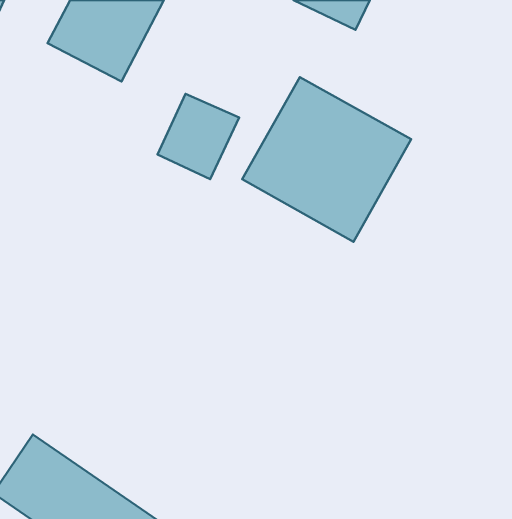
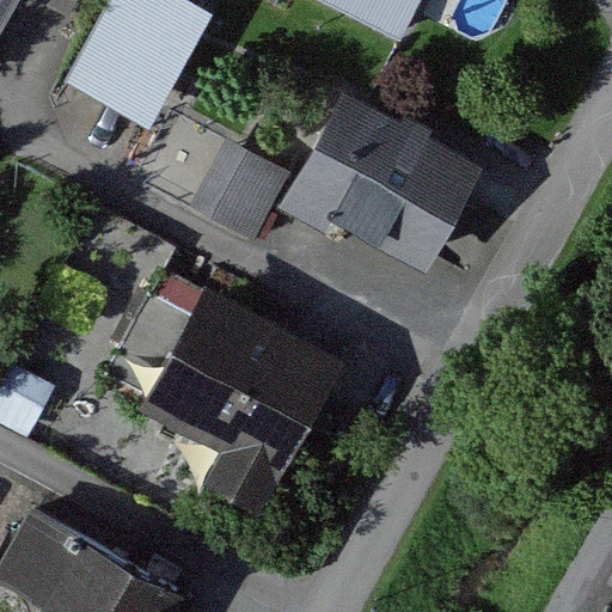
building: none -> [145,286,355,481]

